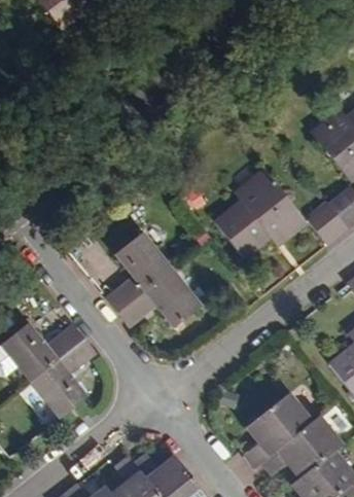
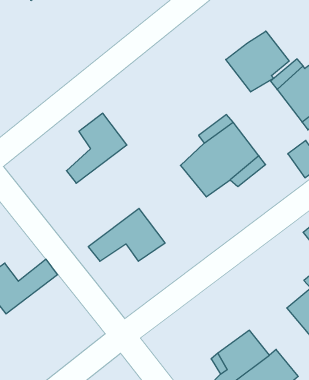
building: none -> [226,31,289,92]
building: [308,208,347,249] -> none
building: [106,230,171,306] -> [66,113,127,183]
building: [28,335,92,415] -> none

